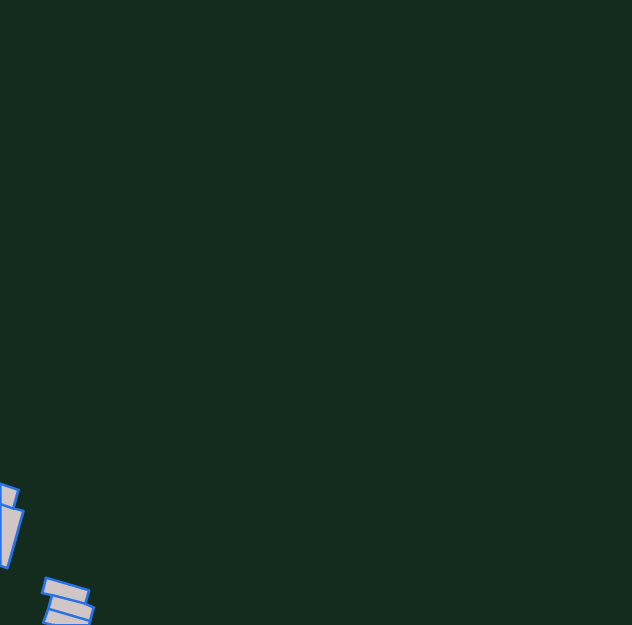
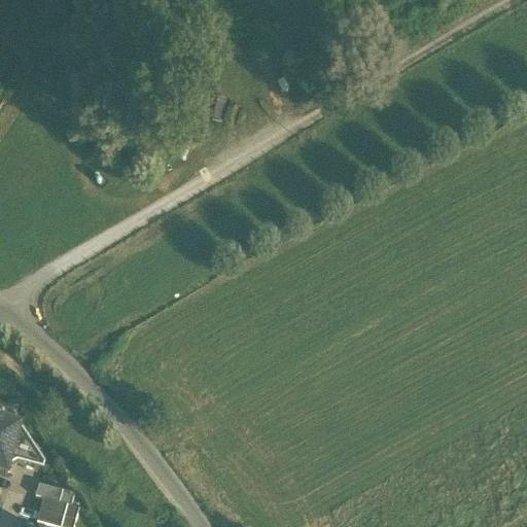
building: none -> [9,425,44,466]

